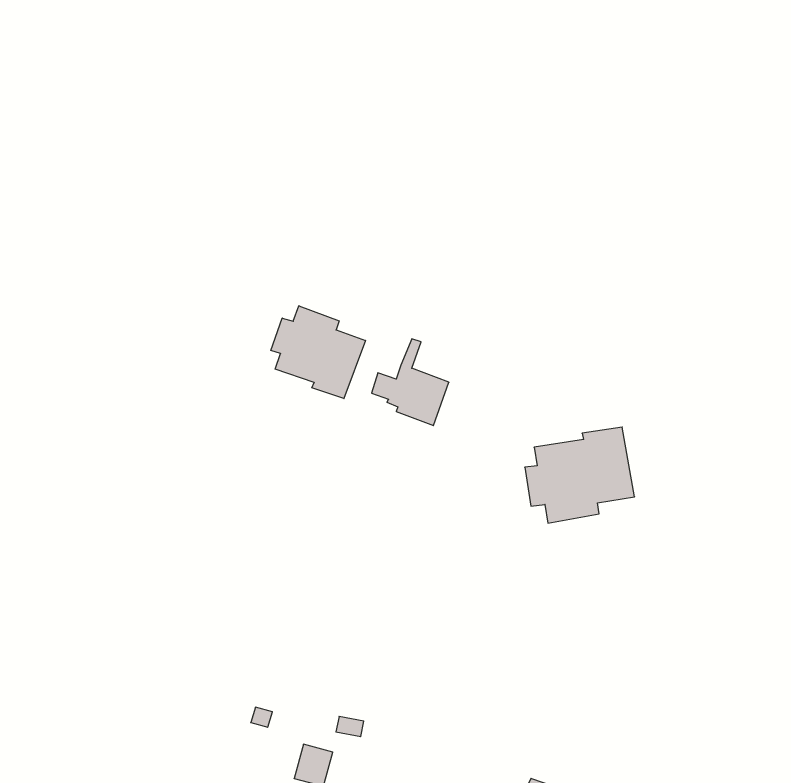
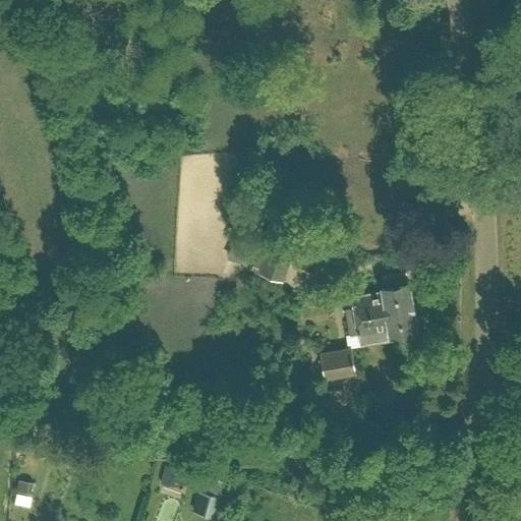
building: [271,306,365,399] -> none
building: none -> [322,352,356,383]

